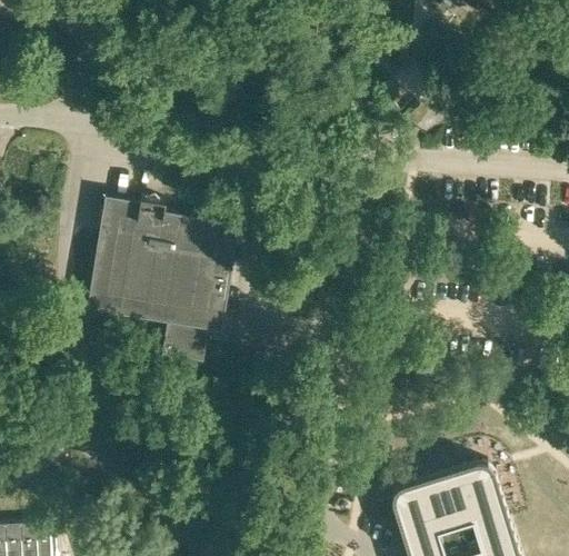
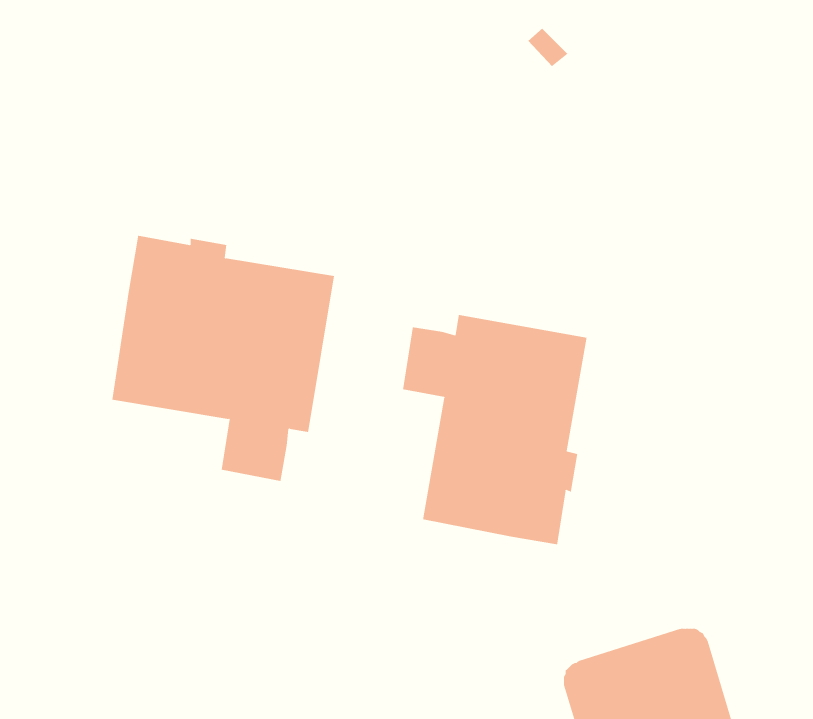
building: none -> [402,314,587,545]

